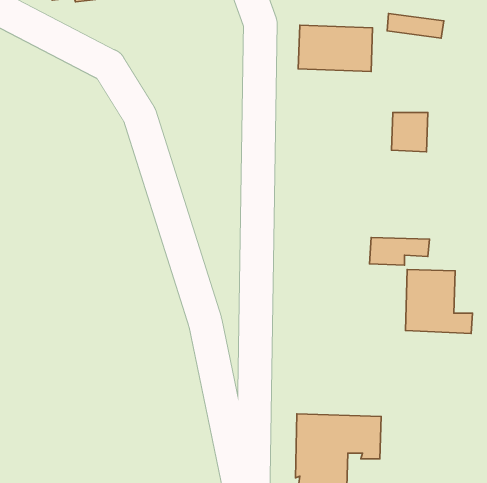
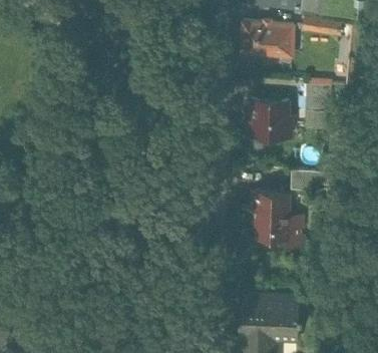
building: none -> [252,104,289,142]
building: [406,269,473,334] -> [256,197,302,241]

